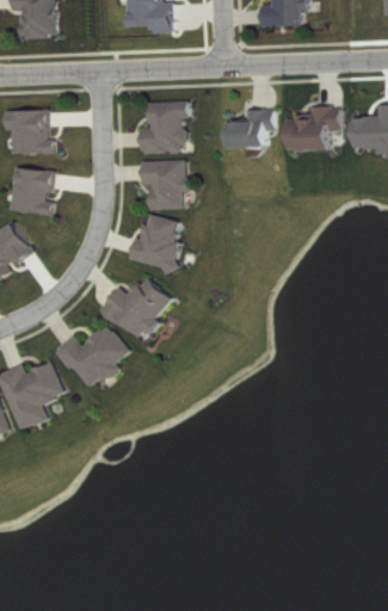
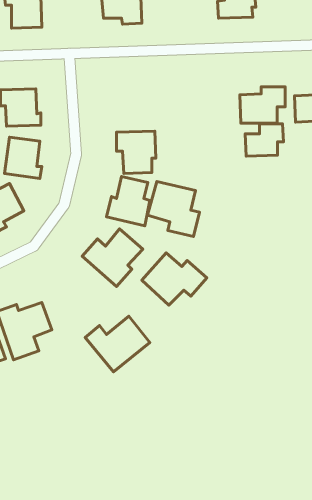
building: [138,101,187,153] -> none
building: [229,110,275,148] -> [245,124,284,156]
building: none -> [148,181,199,236]
building: none -> [142,253,207,305]
building: [56,325,133,390] -> [85,316,150,372]

